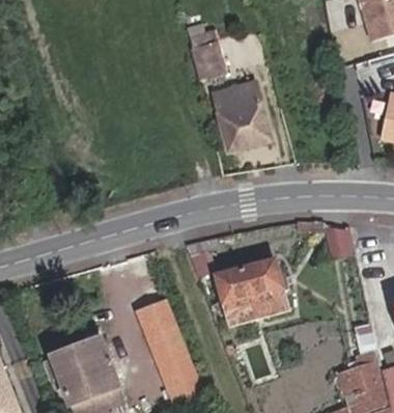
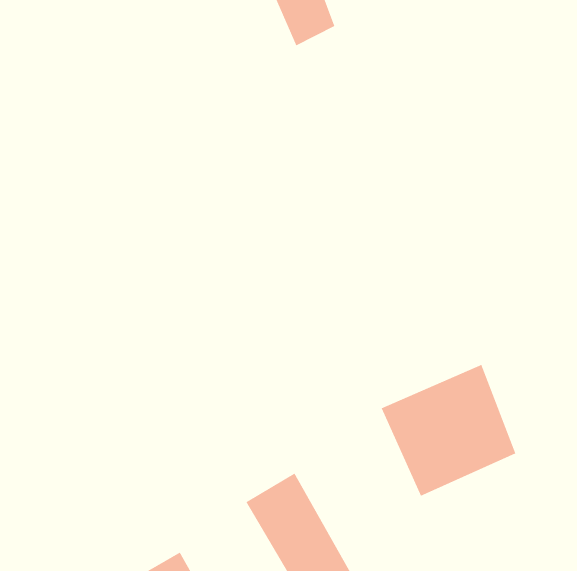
building: [210,84,265,144] -> none

